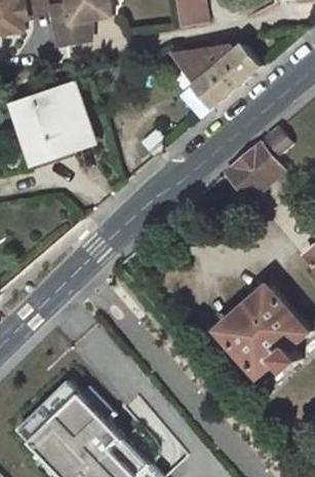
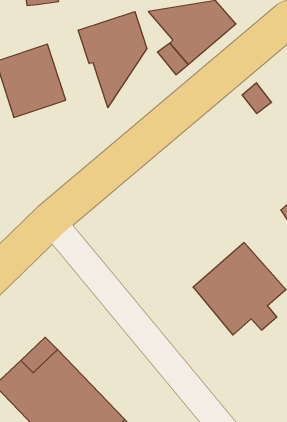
building: none -> [78,12,147,108]
building: [226,141,284,198] -> none

